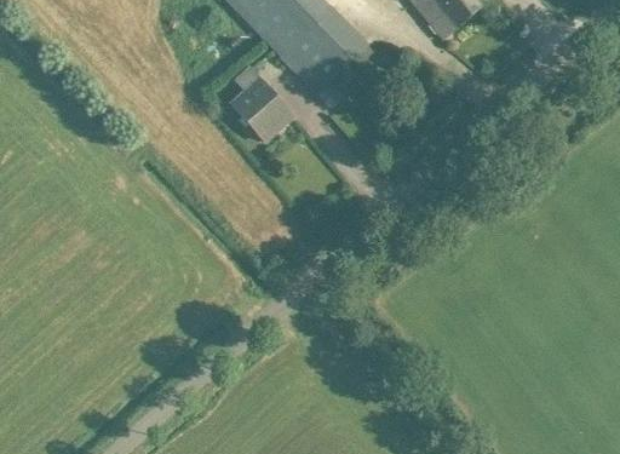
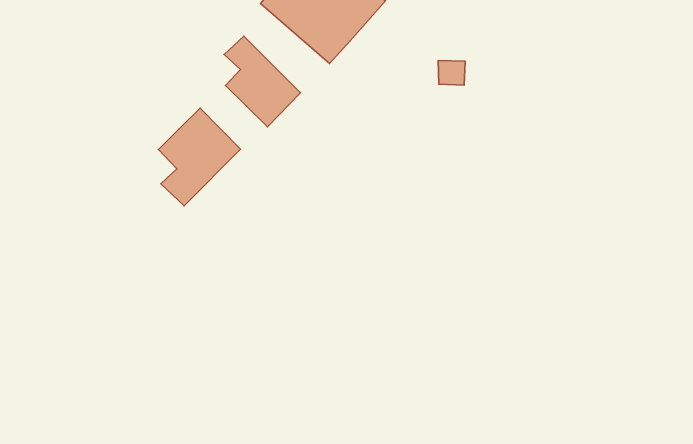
building: none -> [158,108,241,206]

